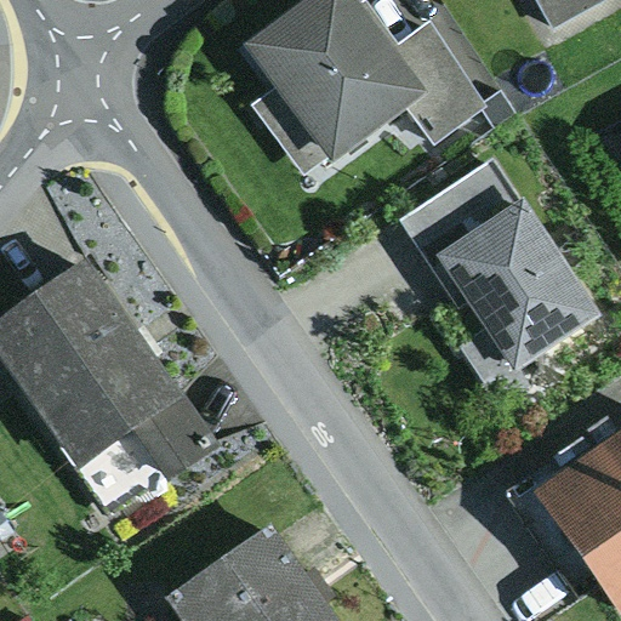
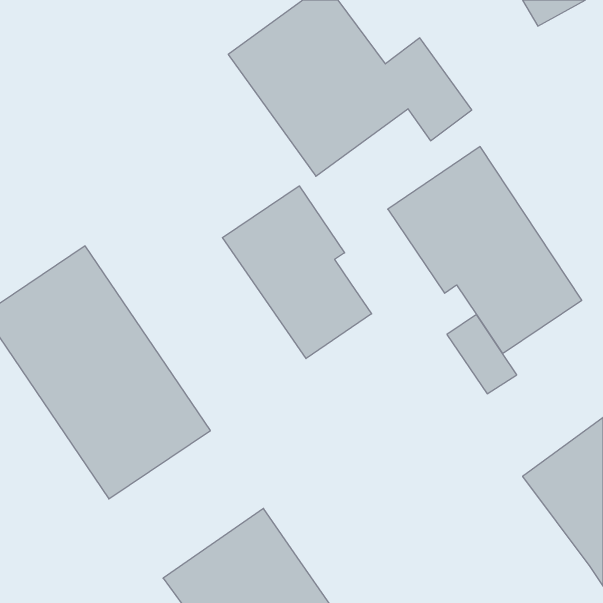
building: none -> [222,186,372,359]

